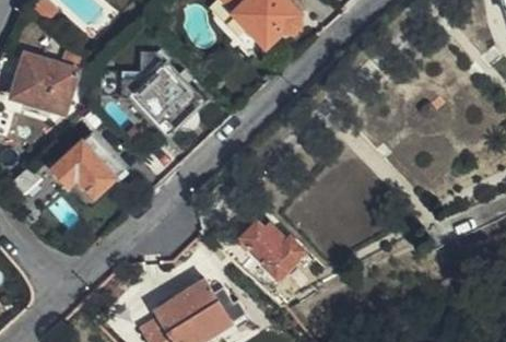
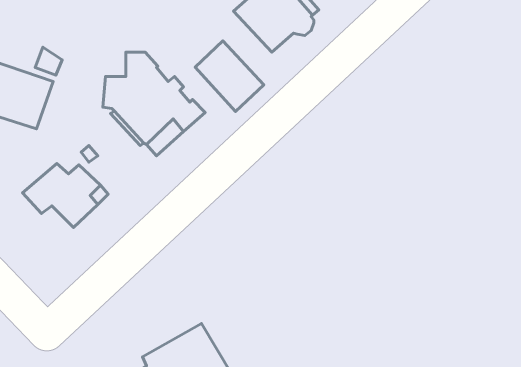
building: none -> [195,41,264,112]
building: [239,216,299,273] -> none

